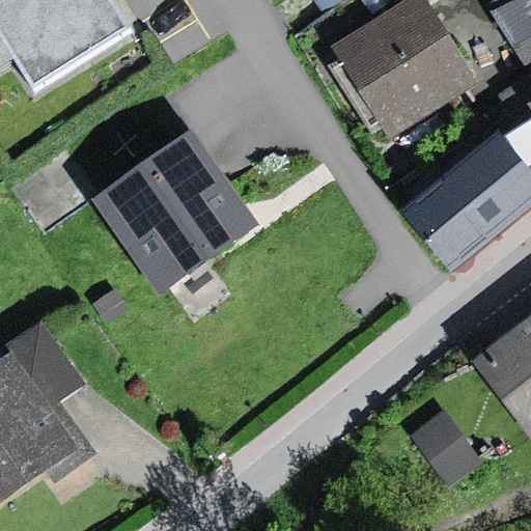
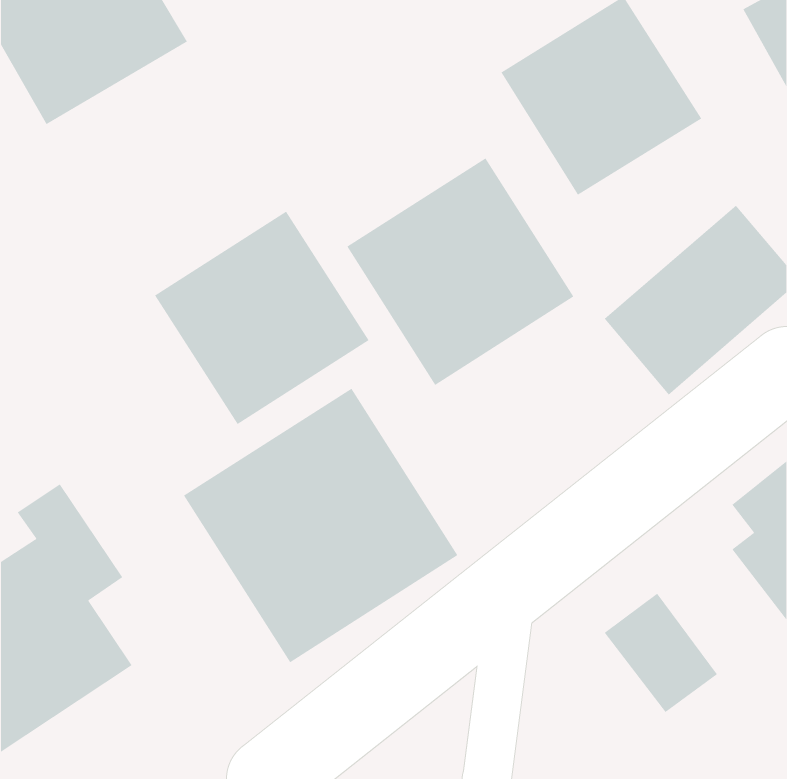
building: none -> [346,157,574,386]
building: none -> [183,388,458,663]

